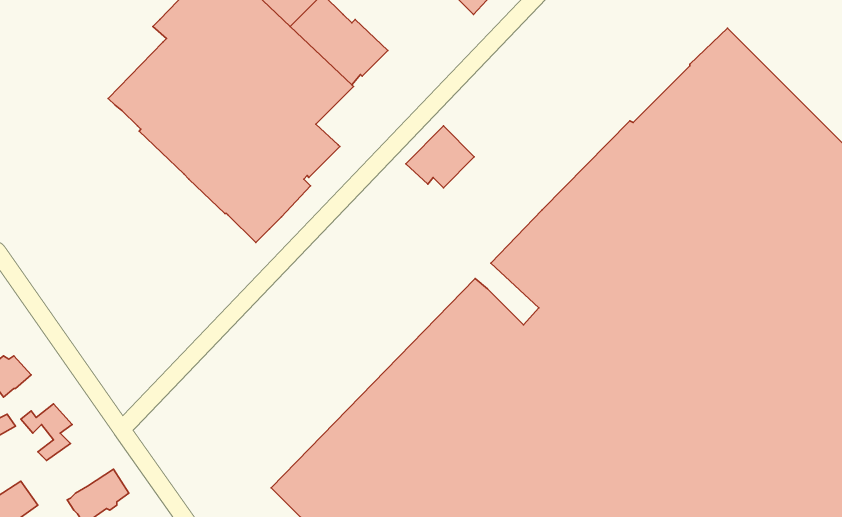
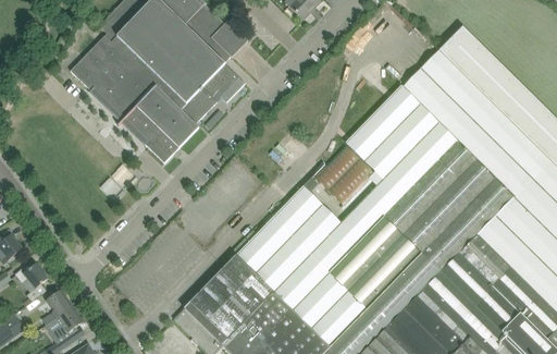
building: [406,126,474,188] -> [202,63,246,102]
building: none -> [42,290,74,325]

